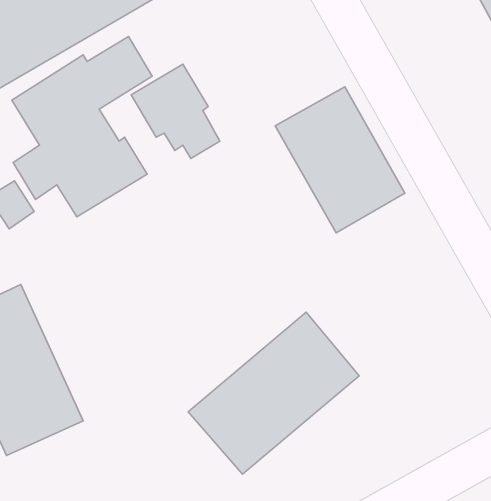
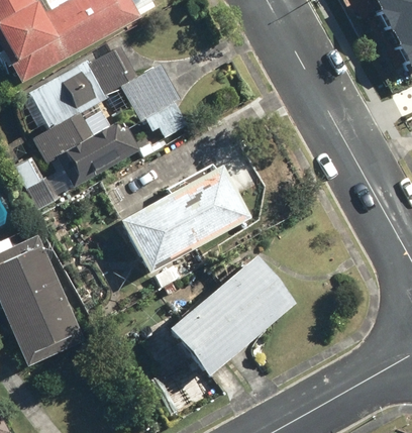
building: [275,87,405,233] -> none
building: none -> [118,166,248,276]

